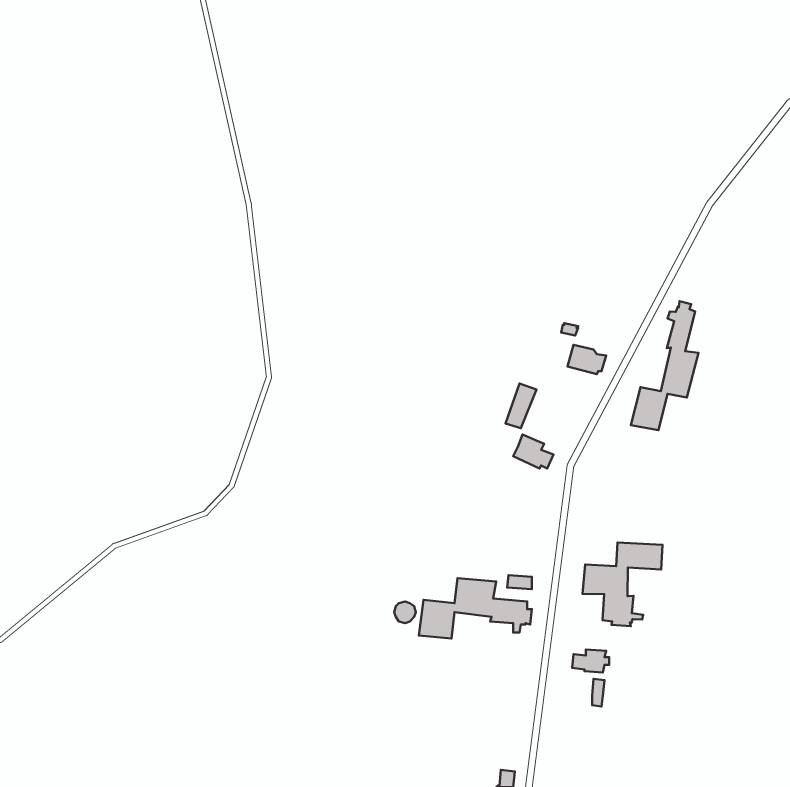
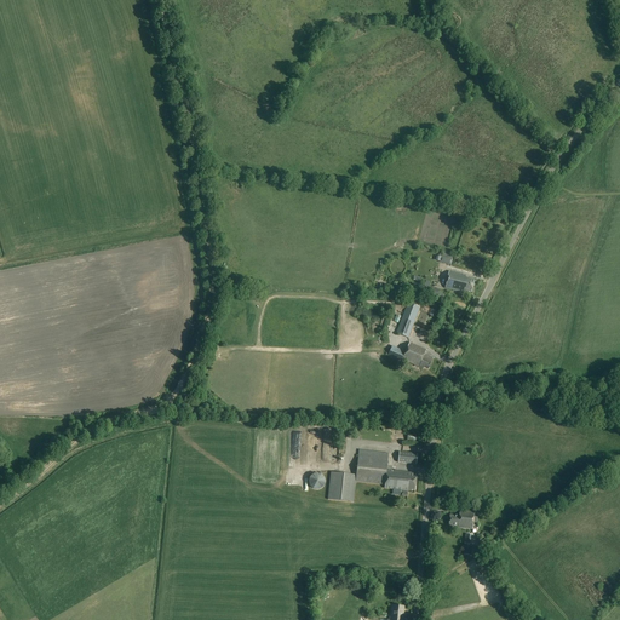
building: [631,301,699,430] -> none
building: [583,542,662,626] -> none

